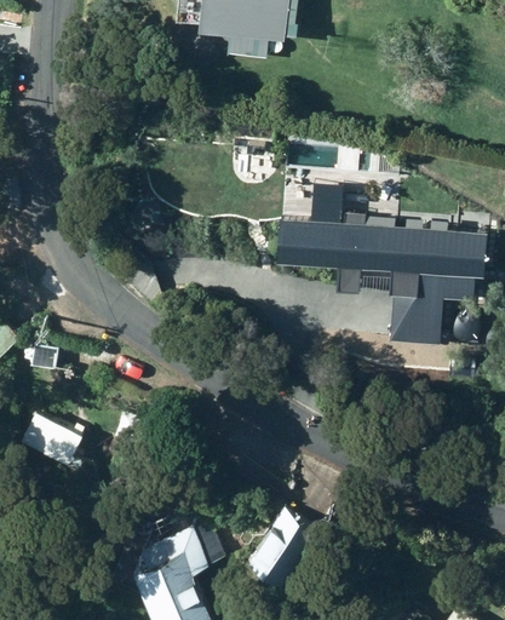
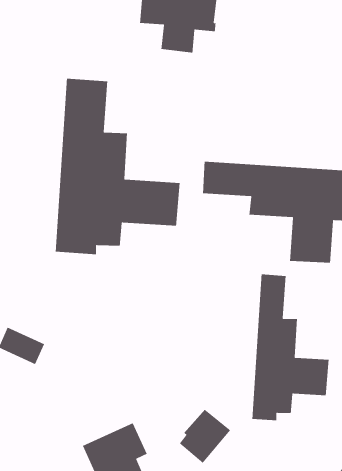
building: none -> [55,78,181,255]
building: none -> [251,274,329,421]

